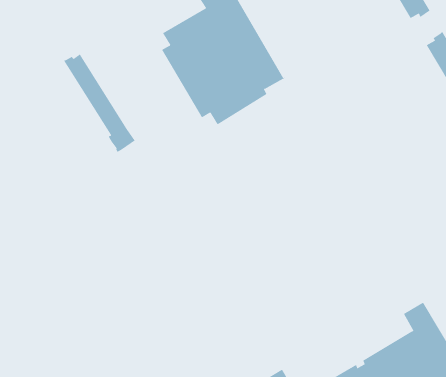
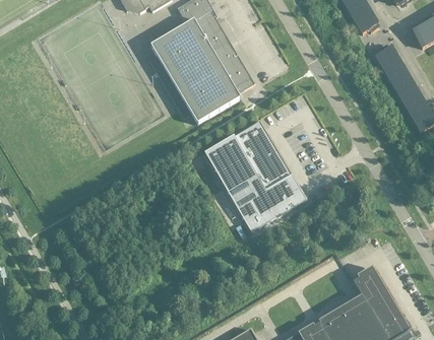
building: [63,54,135,153] -> none
building: none -> [204,118,305,229]

